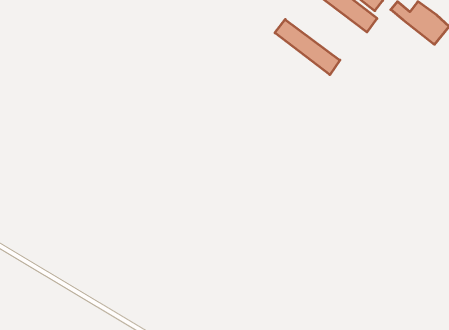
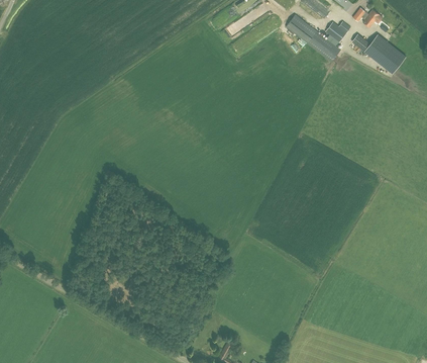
building: [275,19,340,75] -> none

